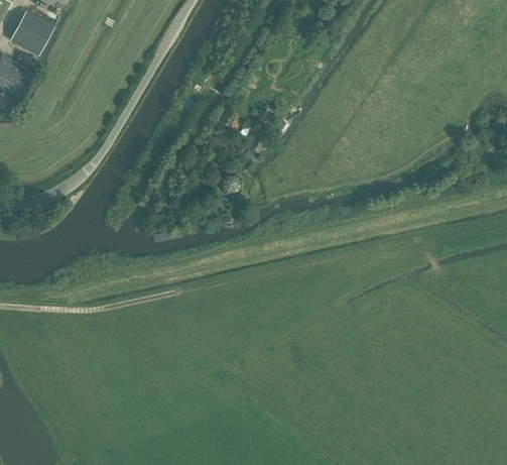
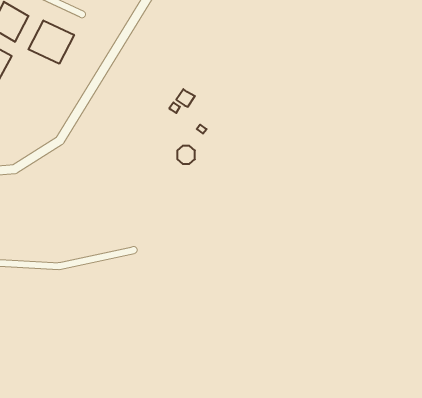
building: none -> [28,20,74,64]

